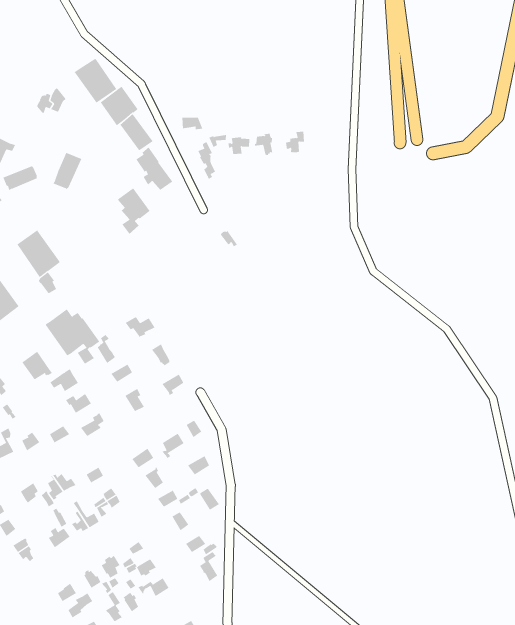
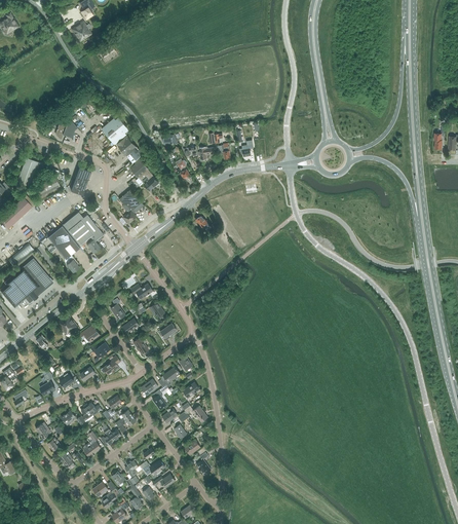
building: [74,58,118,104] -> none
building: [45,309,100,364] -> [63,212,104,252]

